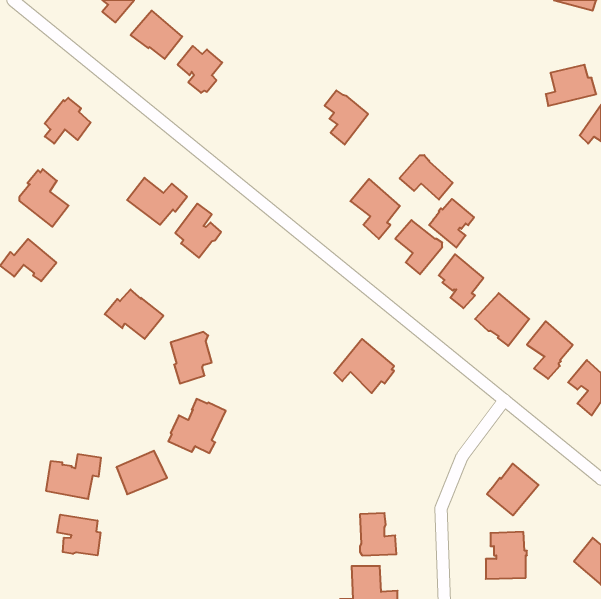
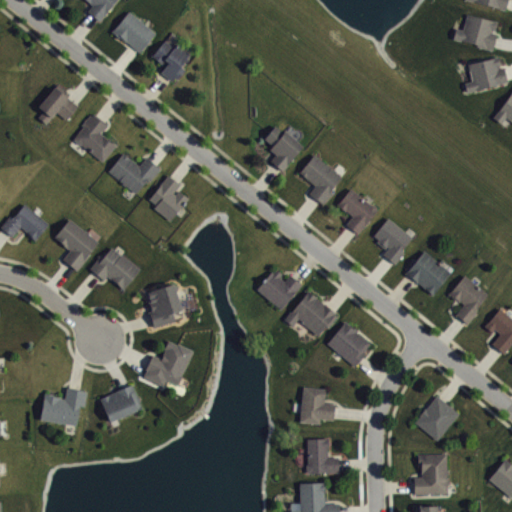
building: none -> [452,14,497,51]
building: [325,90,368,145] -> [264,126,301,172]
building: [400,155,453,200] -> none
building: [19,169,69,227] -> [74,114,116,163]
building: [429,199,474,248] -> none
building: none -> [54,219,97,271]
building: none -> [256,269,301,310]
building: none -> [326,321,369,367]
building: none -> [299,387,334,424]
building: [57,515,100,555] -> none

